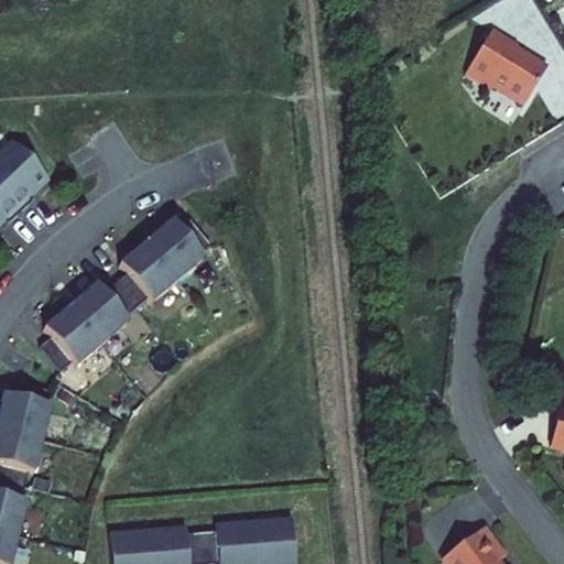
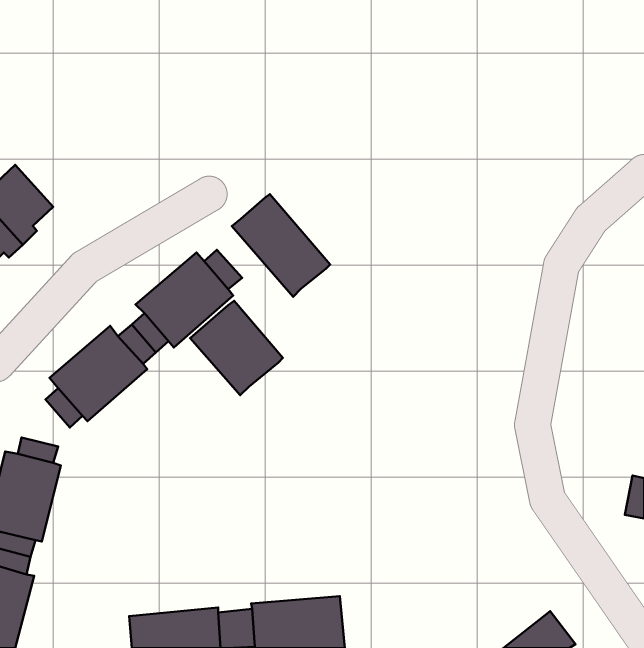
building: [463,26,544,104] -> none
building: none -> [232,194,330,297]
building: none -> [190,301,283,395]

